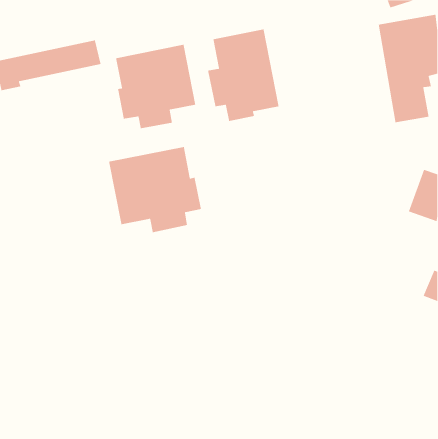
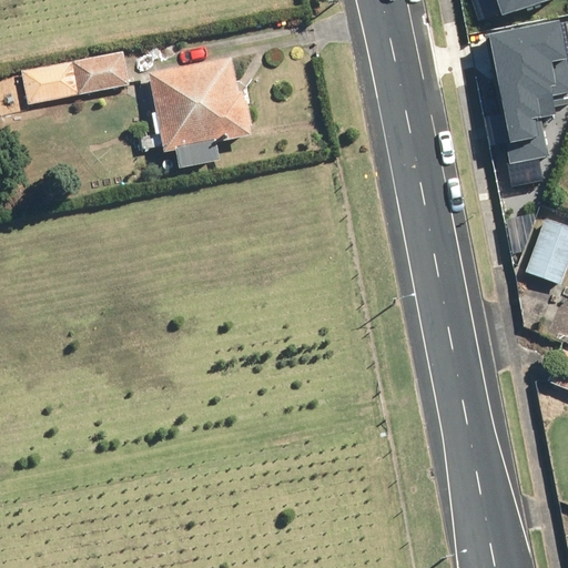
building: [207,29,280,122] -> none
building: [108,146,202,233] -> none

